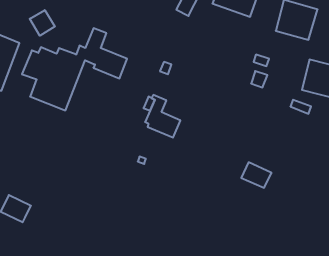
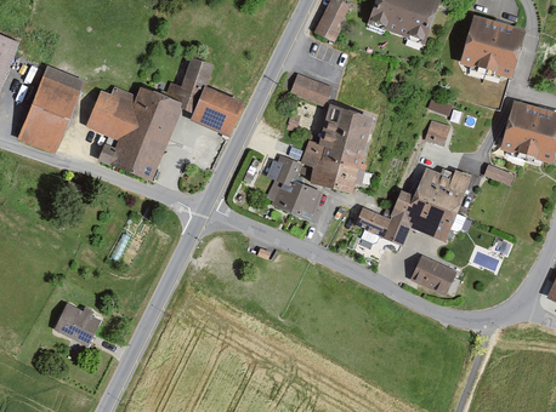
building: [30,10,55,36] -> none
building: none -> [290,74,330,105]
building: none -> [303,107,370,191]
building: none -> [356,168,470,242]

